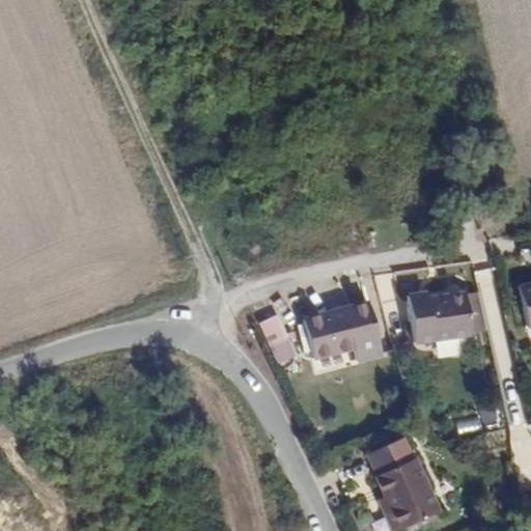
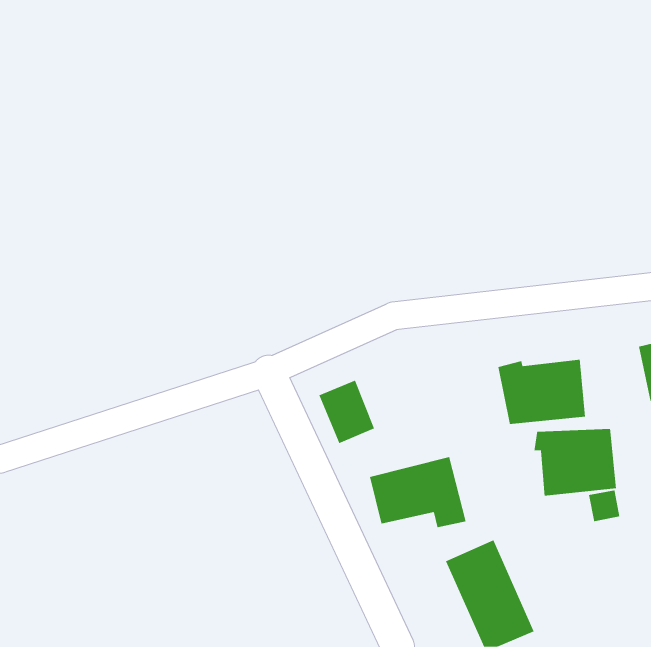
building: [305,302,384,360] -> [369,456,466,528]
building: none -> [534,428,616,496]

